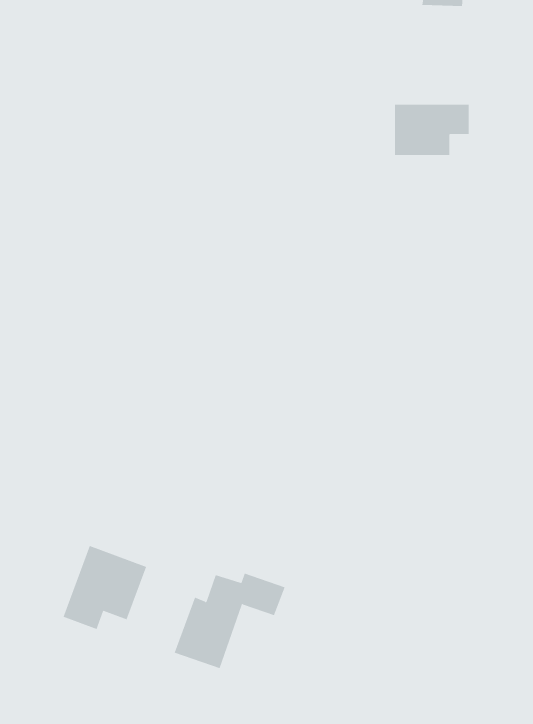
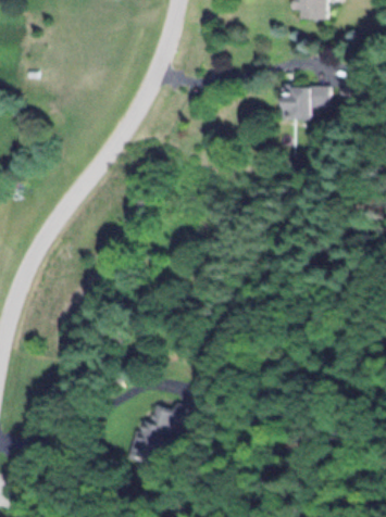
building: [63,545,147,630] -> none

